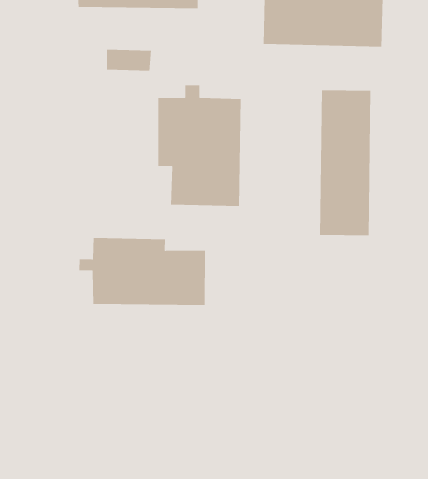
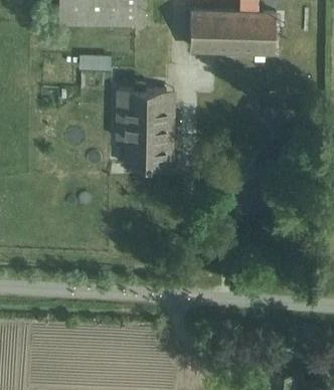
building: [319,89,371,236] -> none
building: [79,237,206,306] -> none

